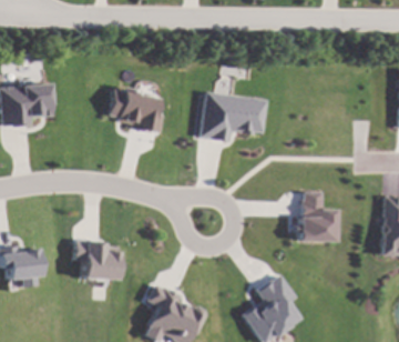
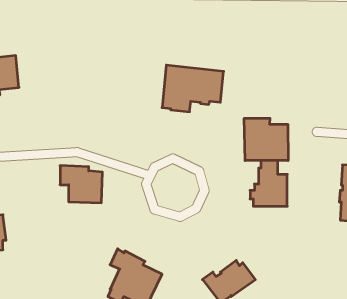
building: [106,87,161,132] -> none
building: none -> [244,118,288,161]
building: [76,241,121,280] -> [60,166,102,203]

